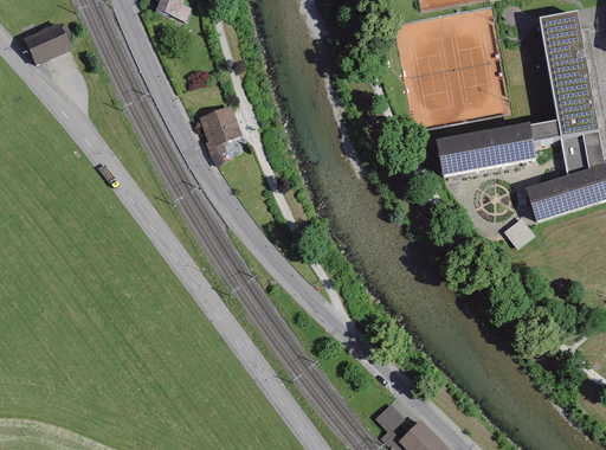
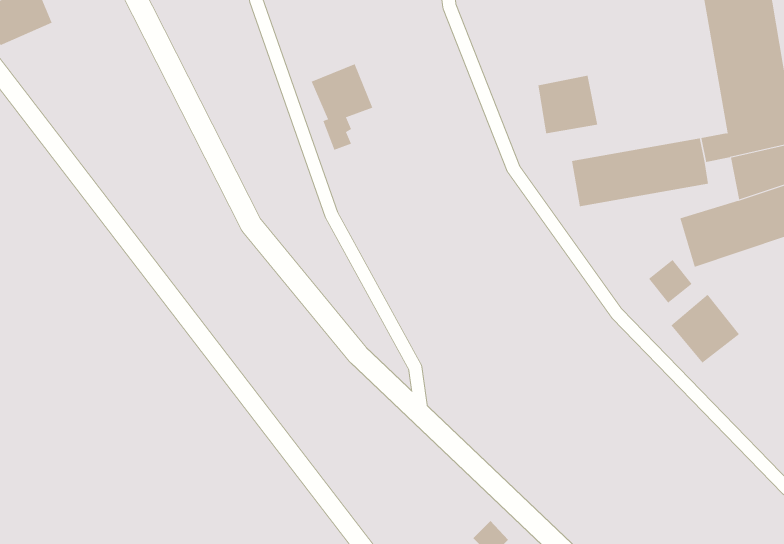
building: none -> [538,75,598,134]
building: [204,104,249,167] -> [311,63,373,150]
building: none -> [670,294,740,364]

